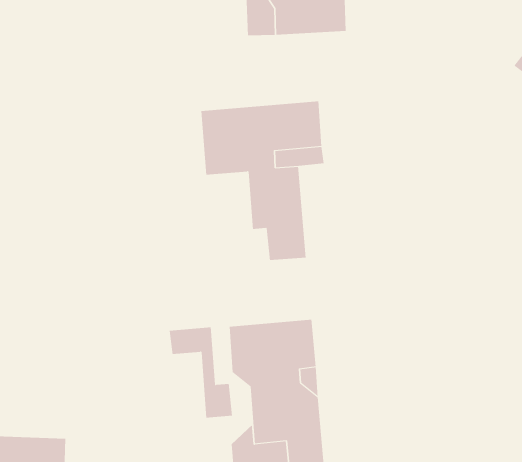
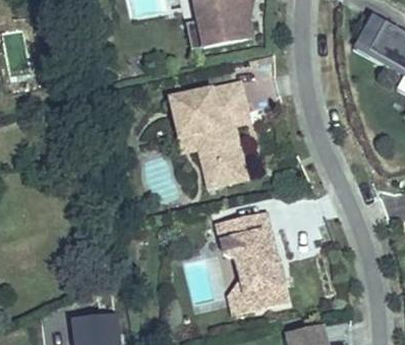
building: [169,327,233,418] -> [178,131,225,187]

